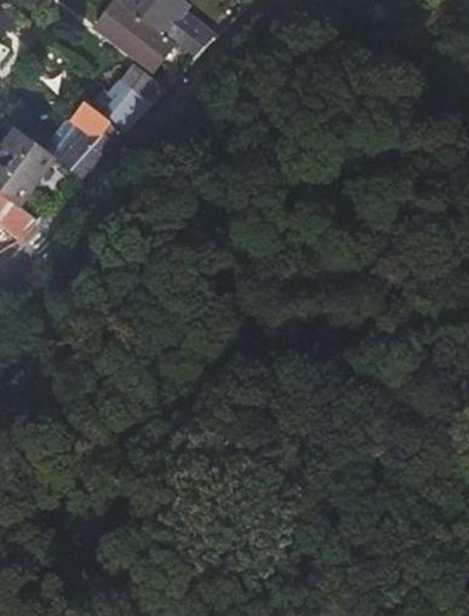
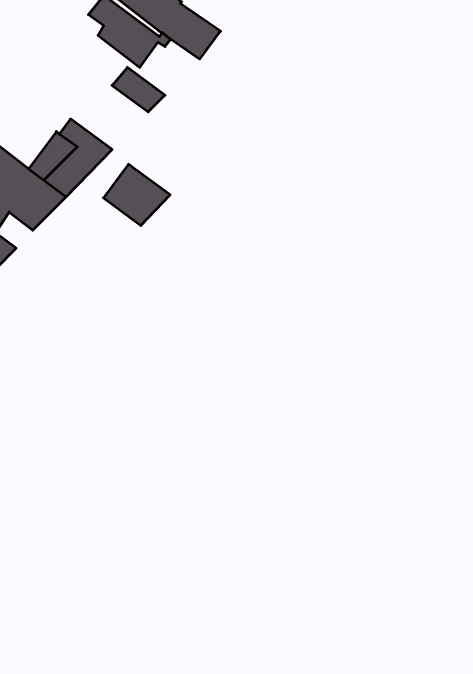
building: [92,74,150,127] -> [103,164,170,226]

